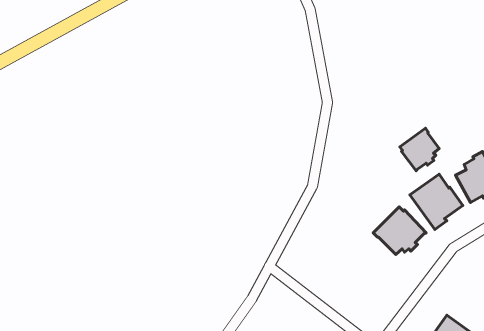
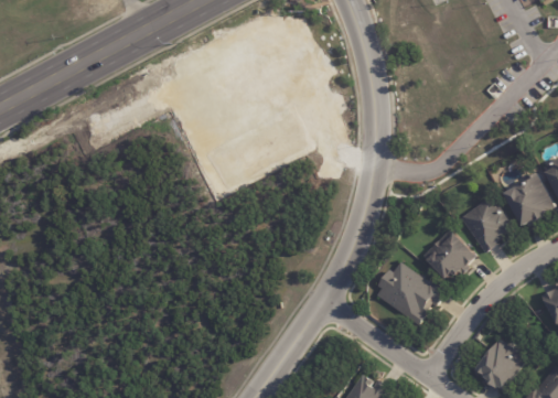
building: [400,128,439,171] -> none
building: none -> [377,262,446,325]

